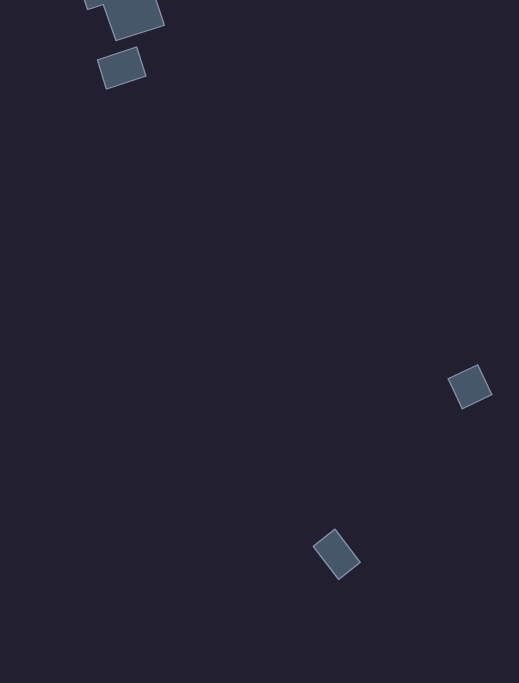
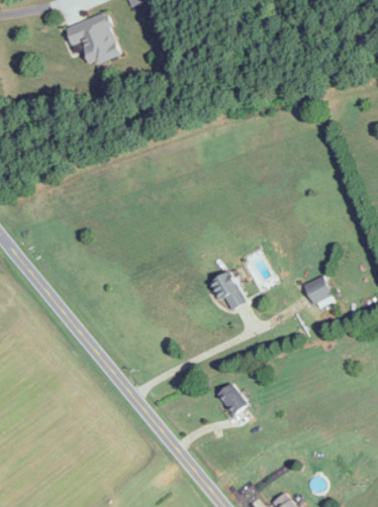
building: [97,47,146,89] -> none
building: none -> [208,270,247,309]

